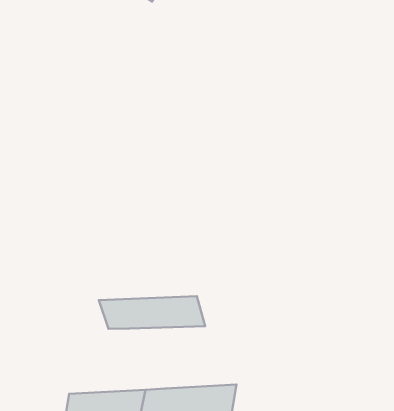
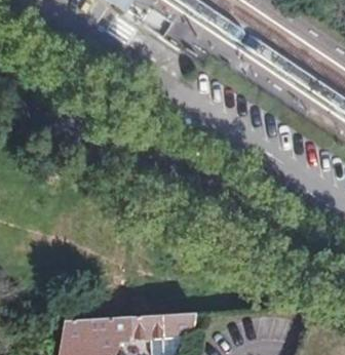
building: [99,296,205,329] -> none

